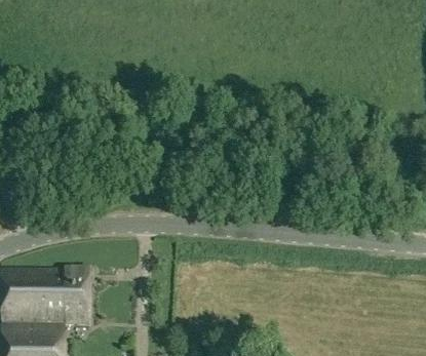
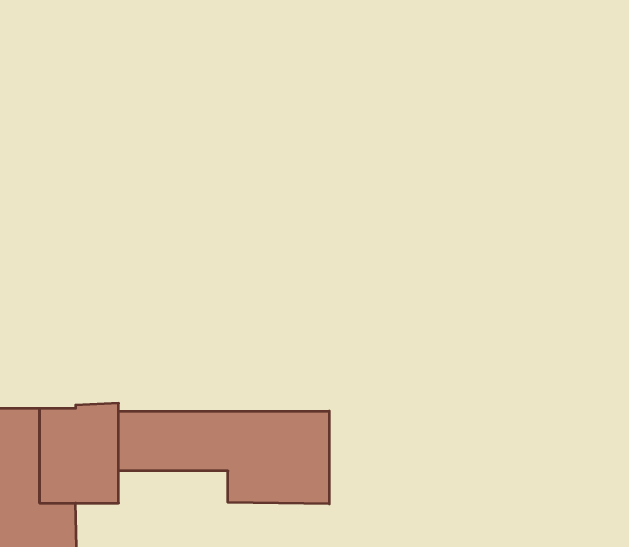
building: none -> [119,411,329,504]

